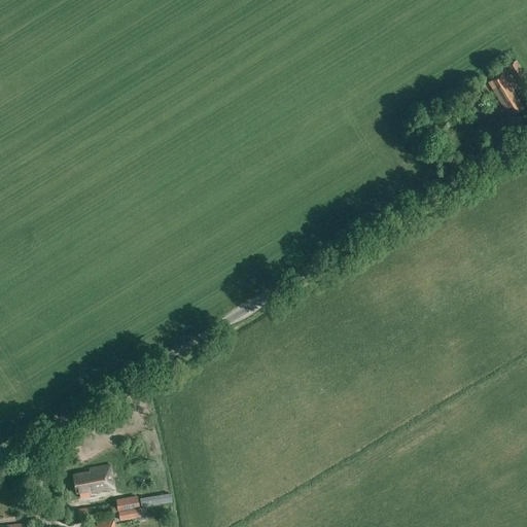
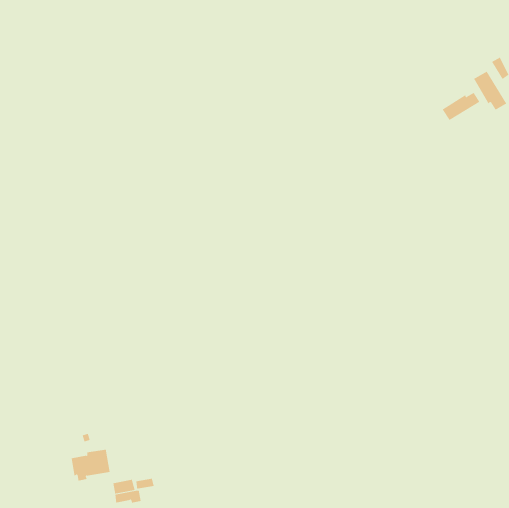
building: none -> [442,92,480,121]

